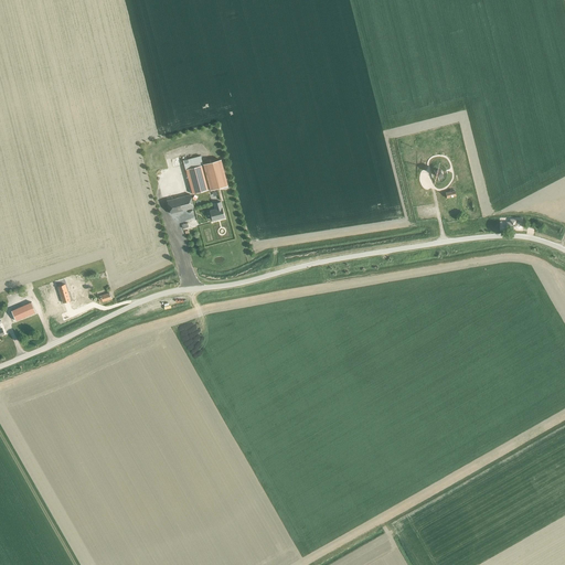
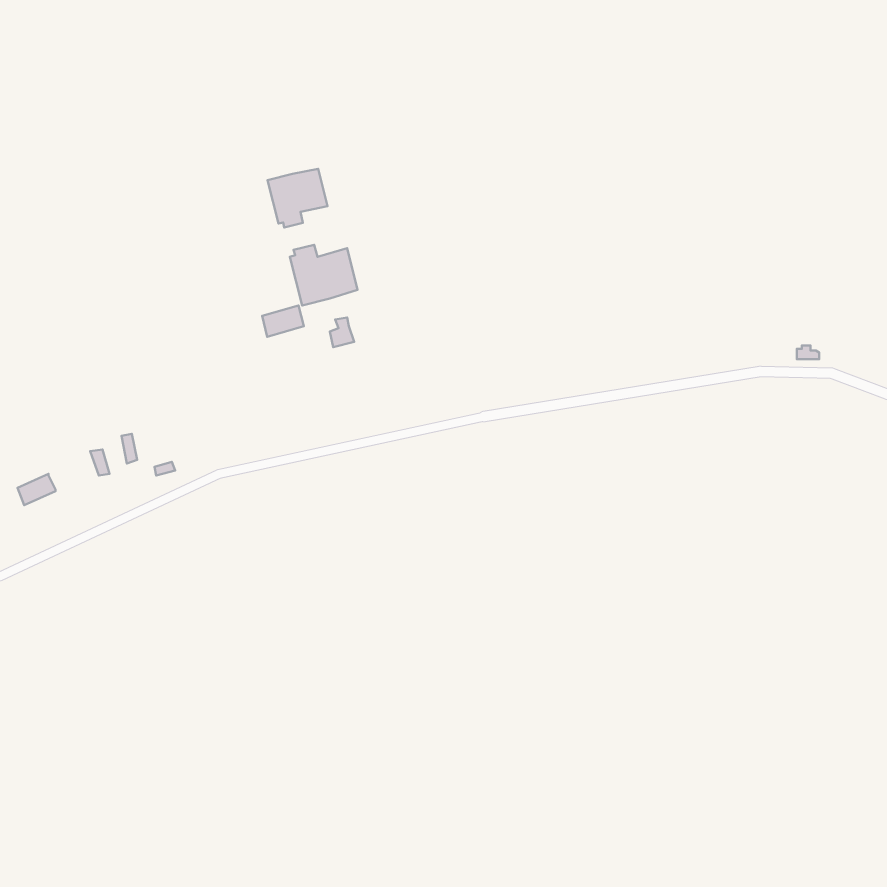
building: none -> [268,169,328,227]

